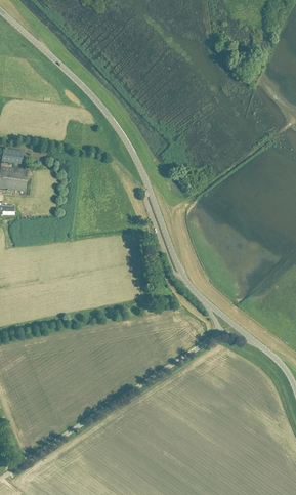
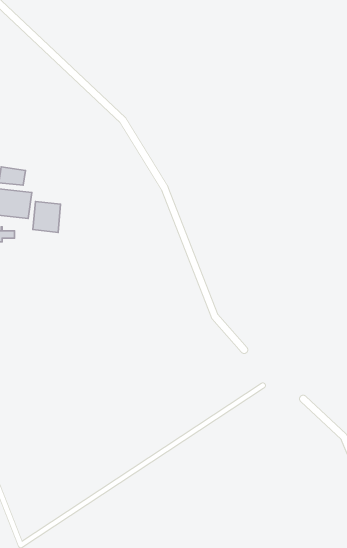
building: none -> [33,201,61,232]

